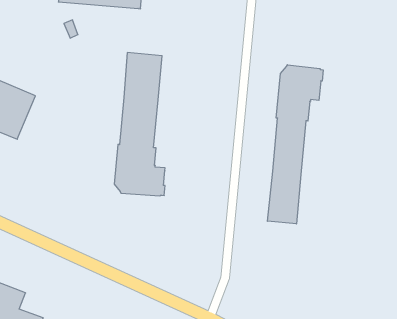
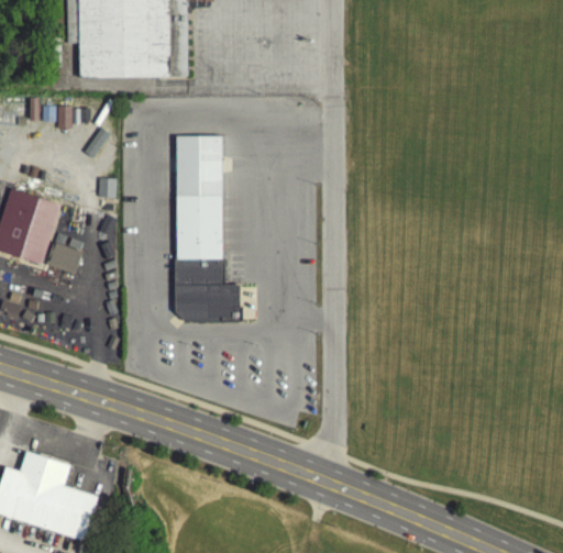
building: [267,65,323,224] -> none

